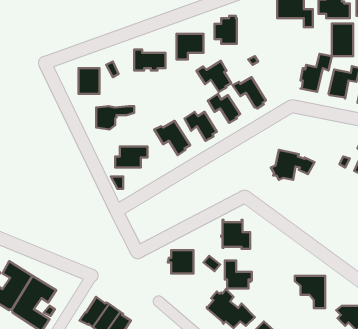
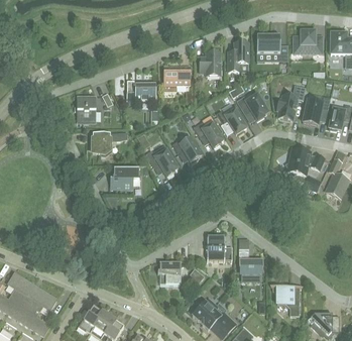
building: none -> [227,40,247,71]
building: [332,24,353,56] -> none
building: [196,61,231,92] -> [236,92,267,120]
building: [271,150,314,180] -> [284,147,324,175]
building: [225,261,252,288] -> [238,248,262,273]

